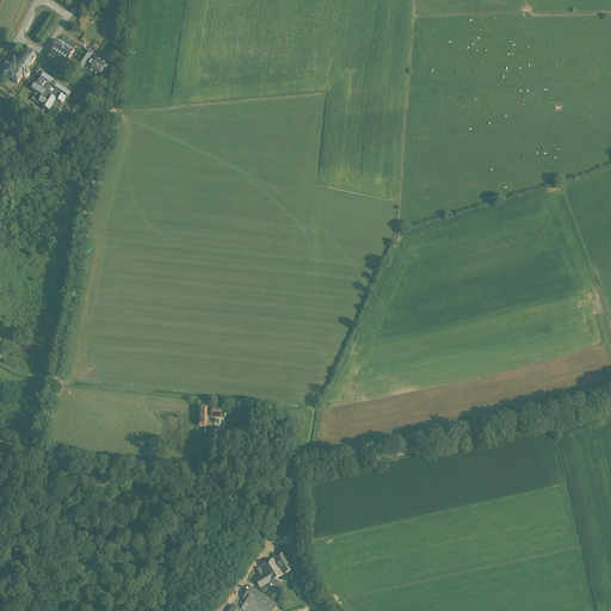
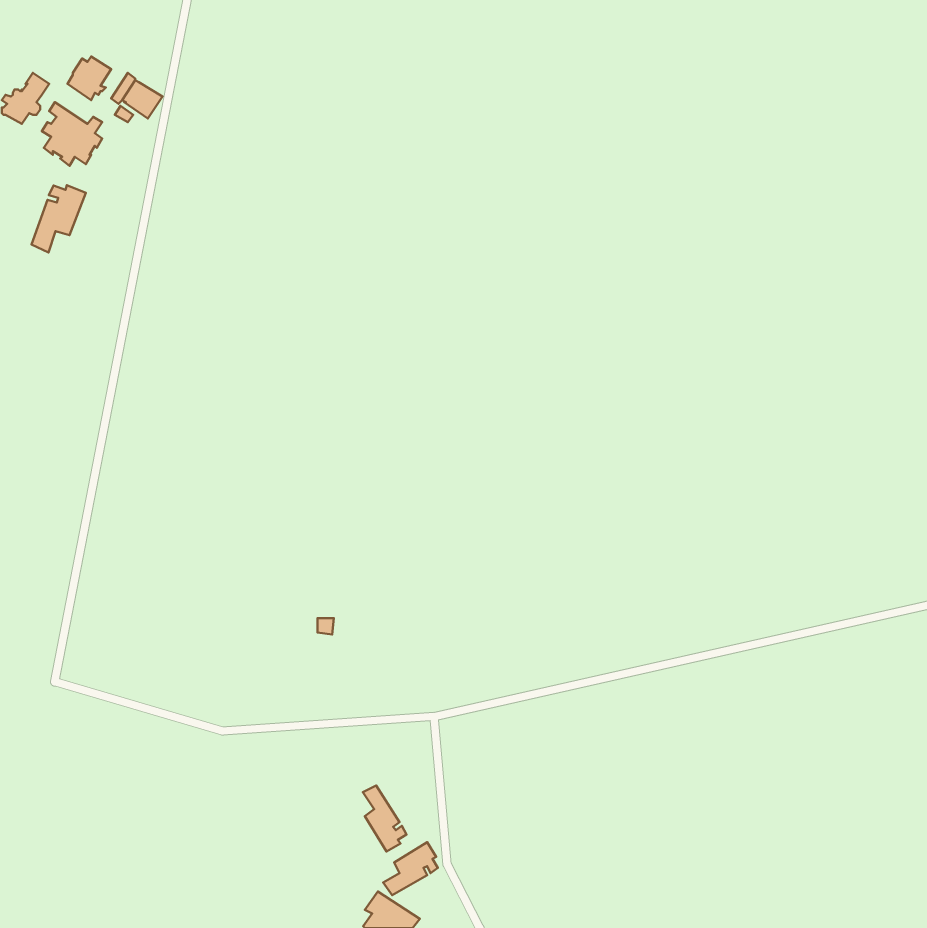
building: none -> [32,185,86,252]
building: none -> [363,786,406,852]

